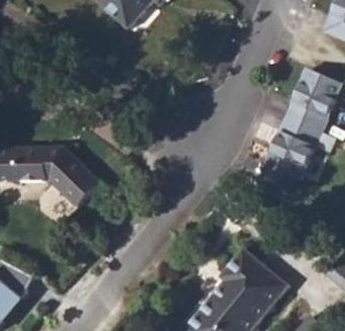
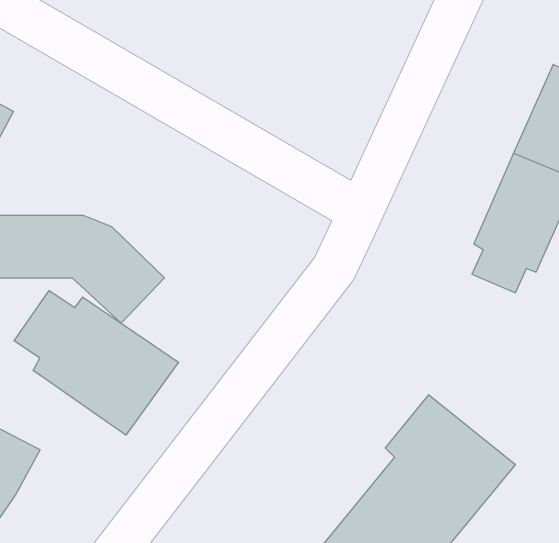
building: none -> [14,291,178,435]

